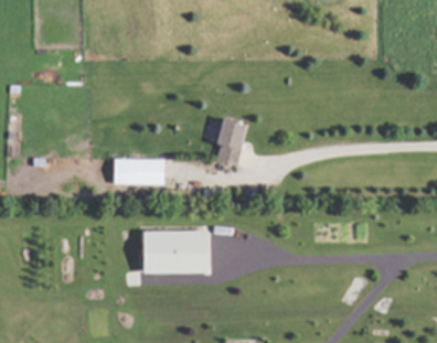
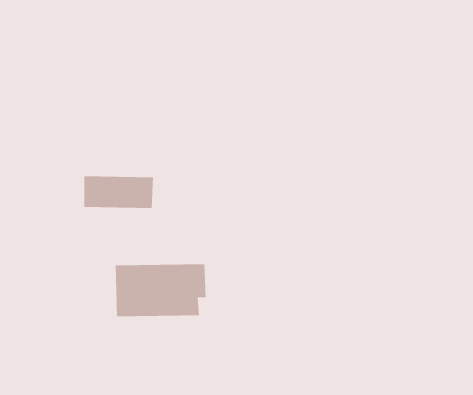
building: [213,118,248,167] -> none

